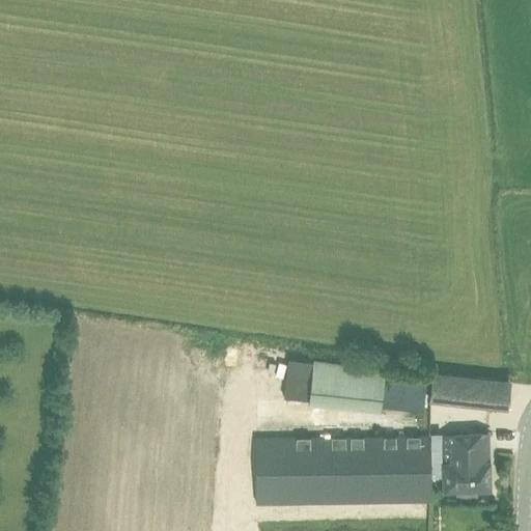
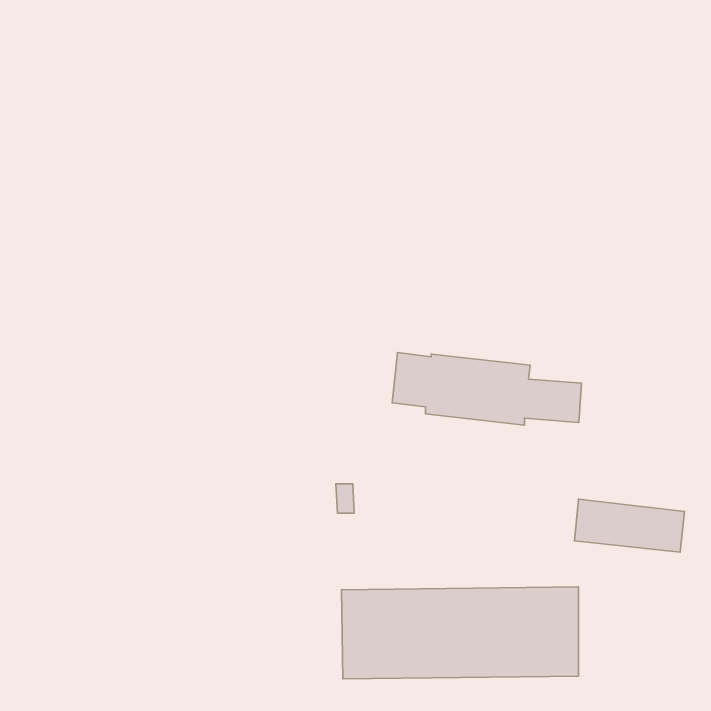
building: [283,361,424,415] -> [392,353,582,425]
building: [442,436,490,492] -> none

